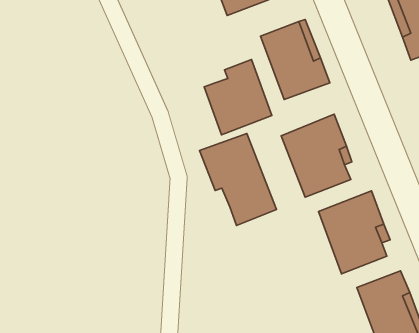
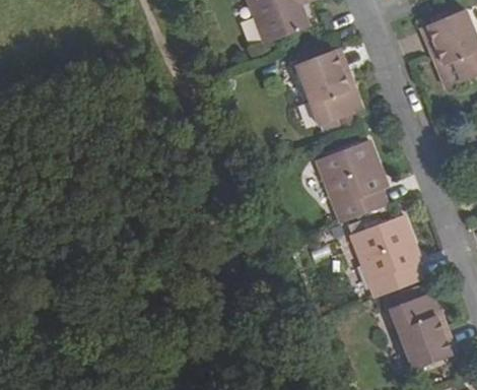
building: [204,60,272,135] -> none
building: [200,134,276,225] -> none

